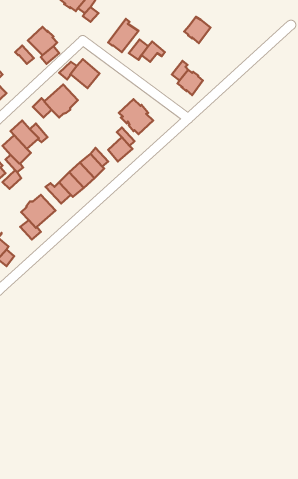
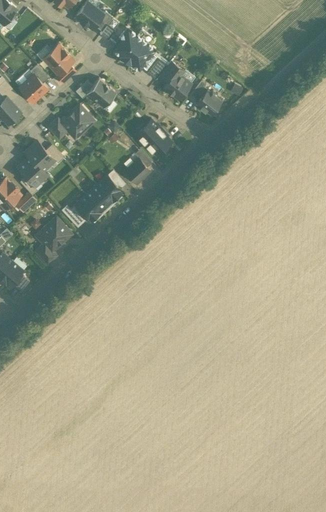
building: none -> [111,28,143,62]
building: [184,17,211,43] -> [163,73,190,100]
building: none -> [19,75,47,103]

